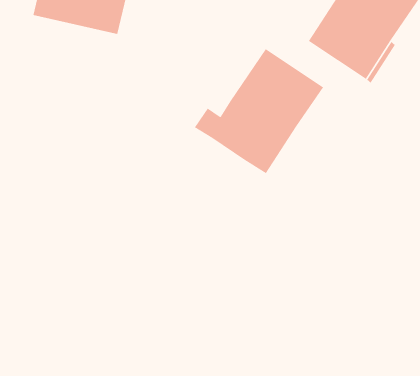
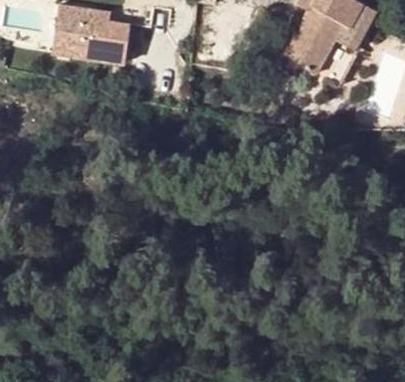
building: [194,48,324,174] -> none

